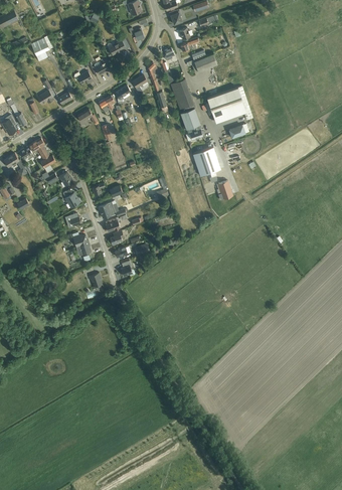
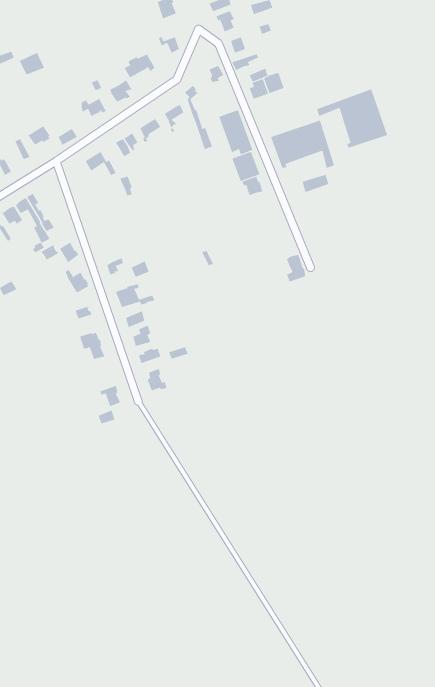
building: none -> [316,88,388,148]
building: [192,146,220,175] -> none

